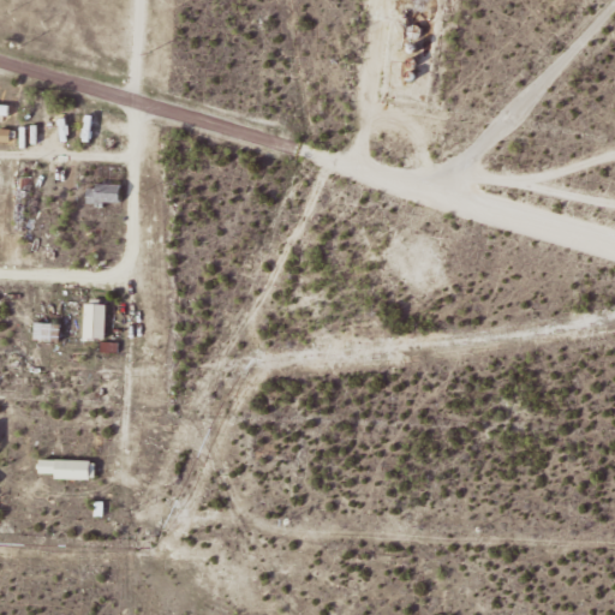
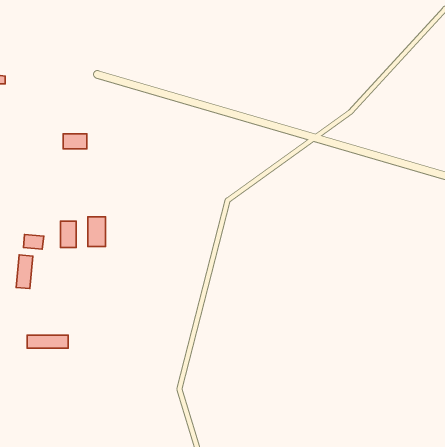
building: none -> [88,217,106,247]
building: none -> [16,255,33,289]

